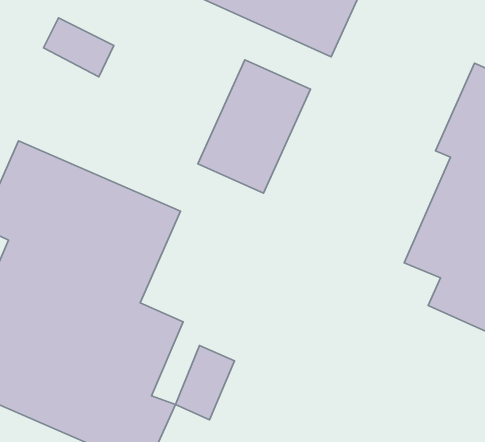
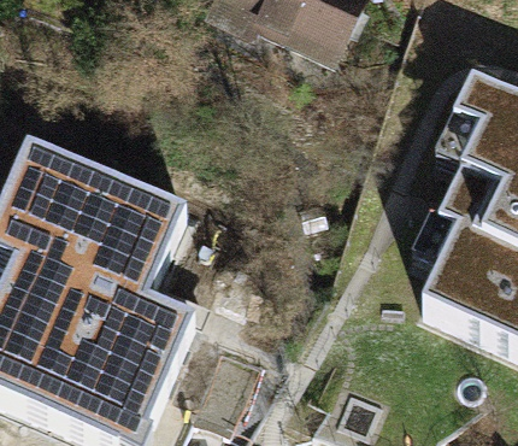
building: [198,60,310,193] -> none

